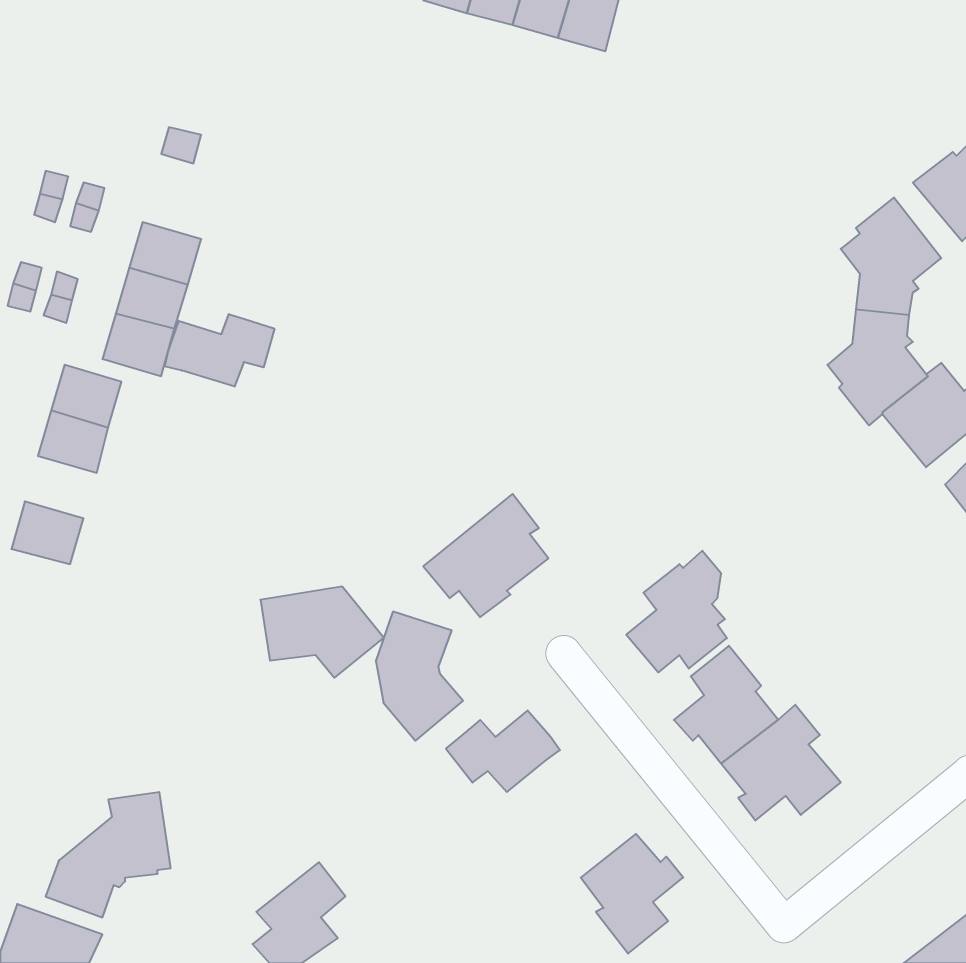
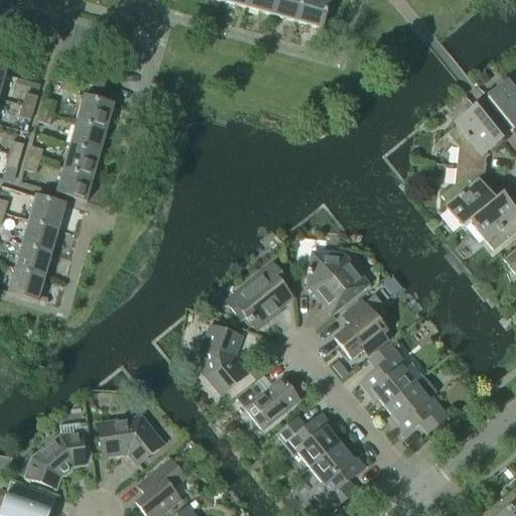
building: none -> [78,94,116,127]
building: [165,314,274,387] -> none
building: none -> [15,242,53,275]
building: none -> [307,251,370,313]
building: [260,587,384,678] -> [99,415,164,464]
building: none -> [277,412,340,466]

